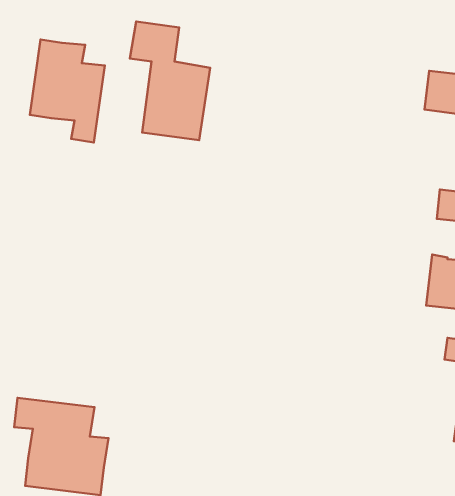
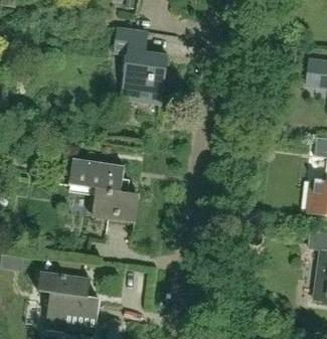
building: [30,39,105,143] -> none
building: none -> [68,158,138,222]

